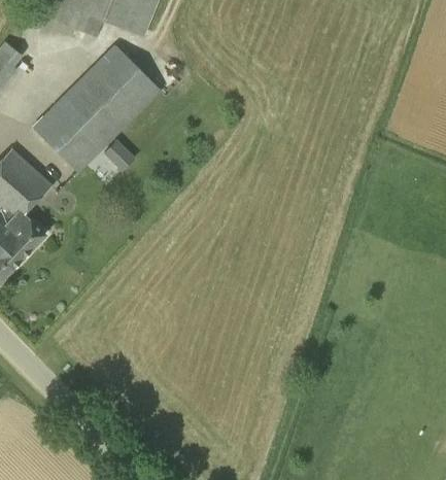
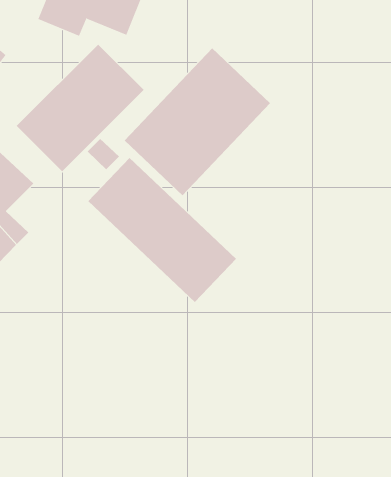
building: none -> [124,48,271,196]
building: none -> [88,157,237,303]

